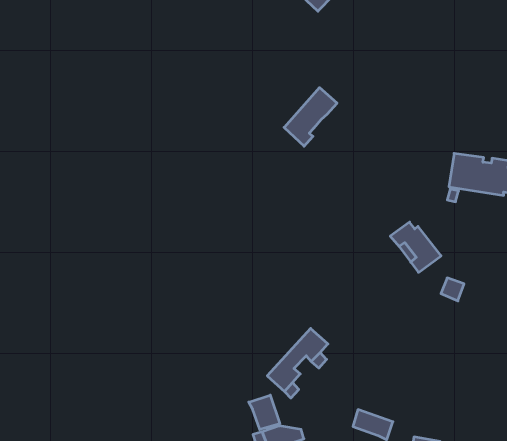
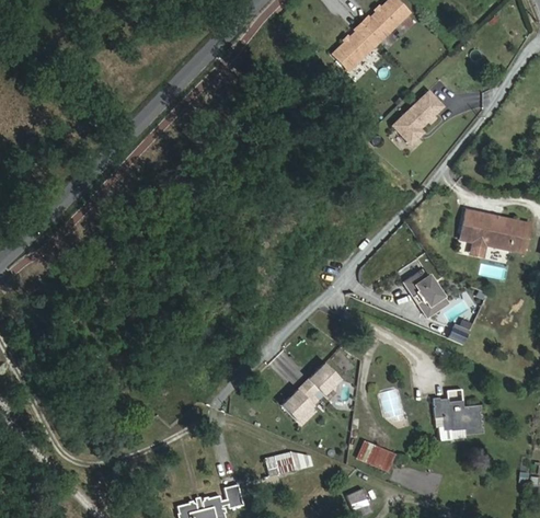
building: [284,88,337,146] -> [393,90,444,143]
building: none -> [433,388,483,439]
building: [249,395,280,430] -> none

